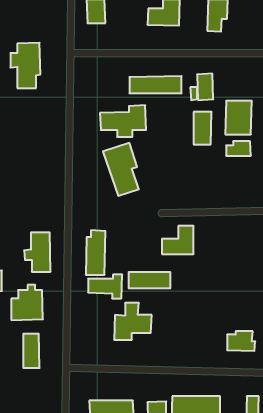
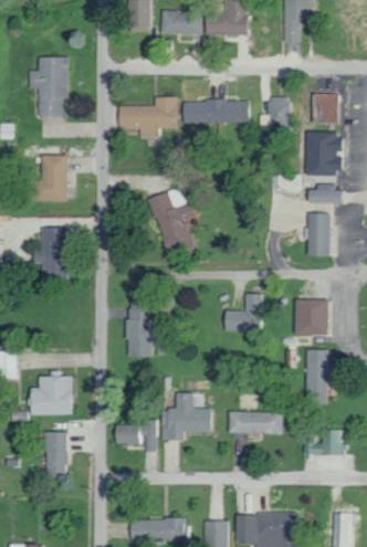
building: none -> [162,11,202,35]
building: none -> [313,94,339,124]
building: [100,105,146,137] -> [117,96,177,137]
building: [194,112,212,144] -> [307,213,331,255]
building: none -> [29,156,66,201]
building: none -> [295,299,327,335]
building: [24,232,51,272] -> [32,228,66,278]
building: none -> [307,350,329,404]
building: [129,272,170,288] -> [230,412,284,433]
building: [88,275,122,298] -> [115,420,159,451]

